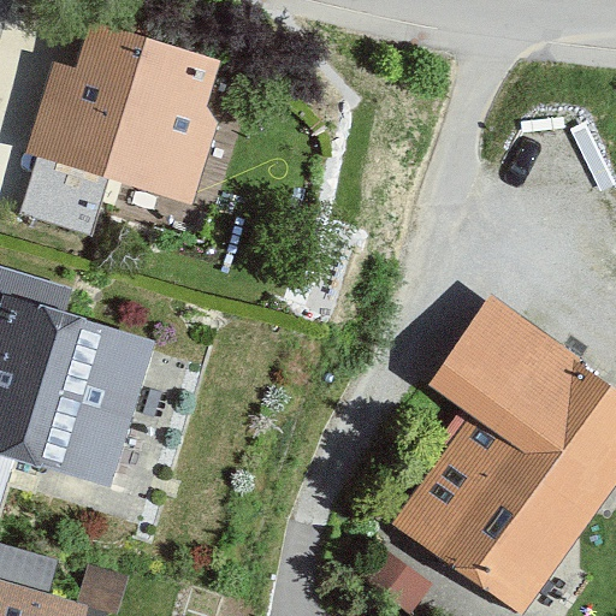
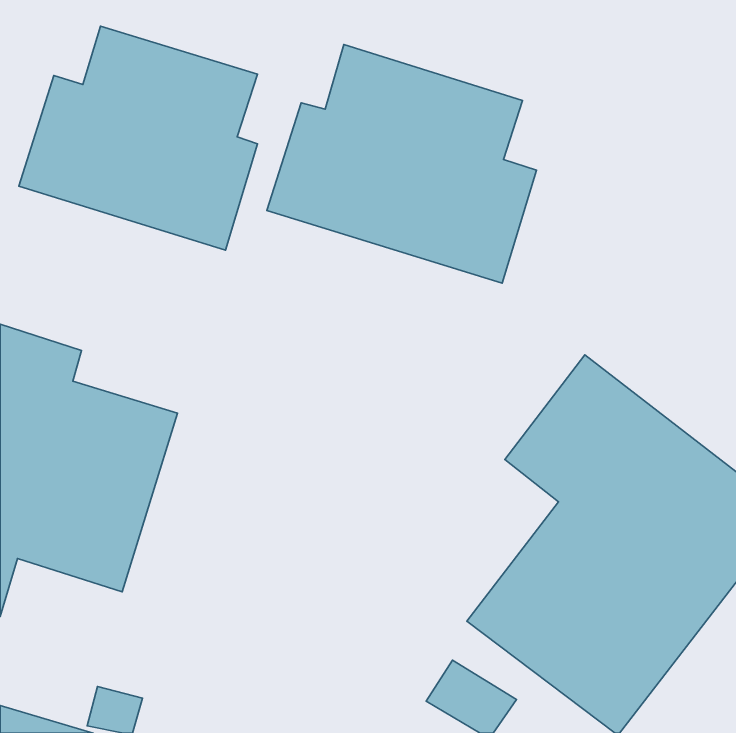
building: none -> [267,45,536,283]

